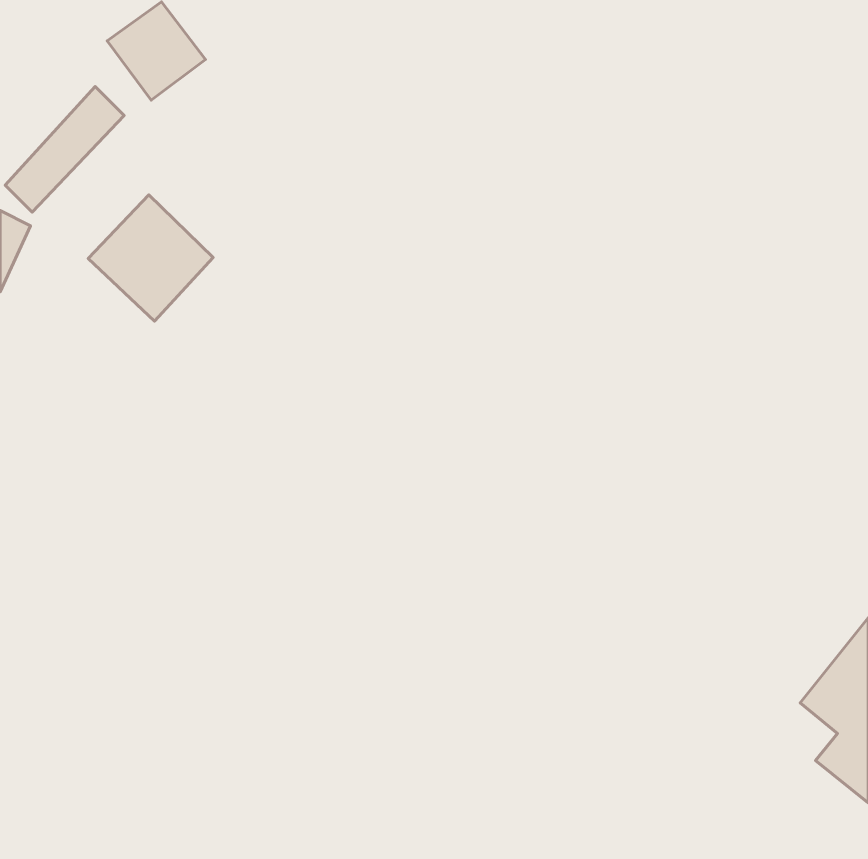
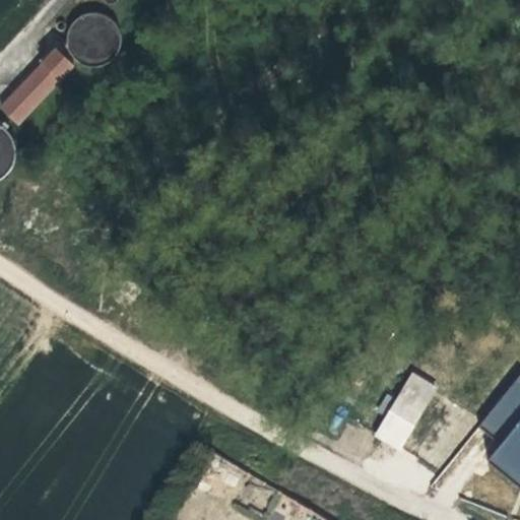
building: [88,195,213,321] -> none
building: none -> [379,386,430,444]

